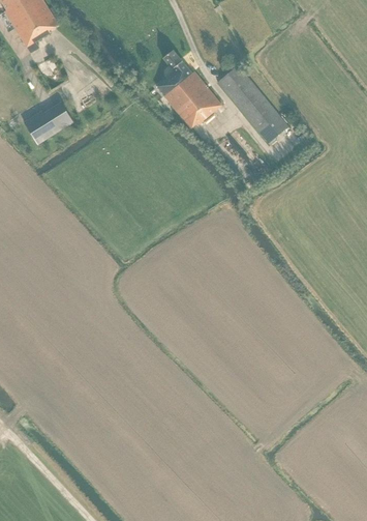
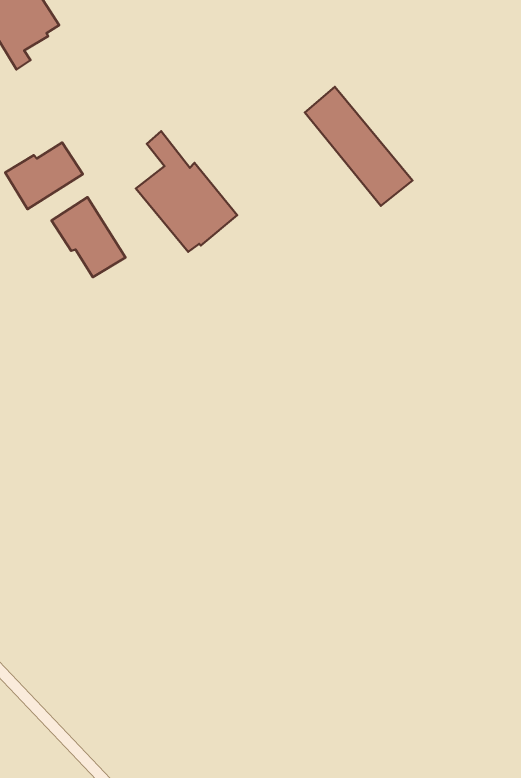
building: [156,50,222,128] -> [136,131,237,252]
building: none -> [52,197,125,277]

